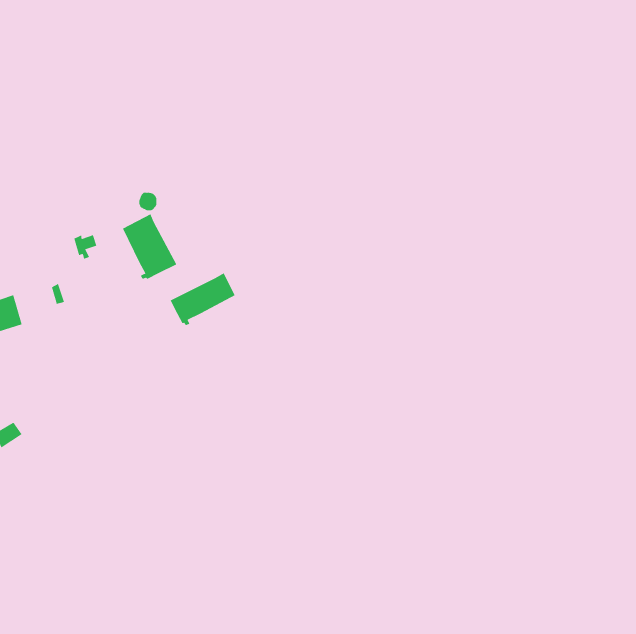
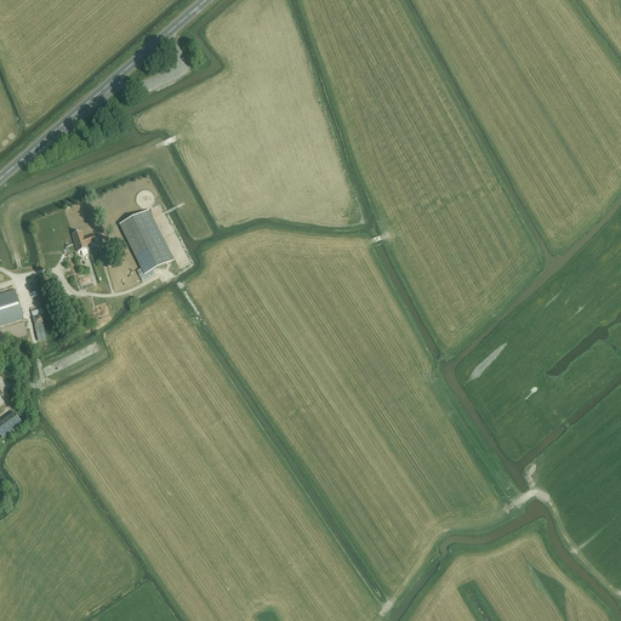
building: [170,272,235,326] -> none

